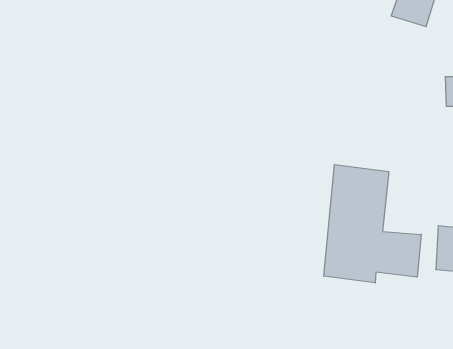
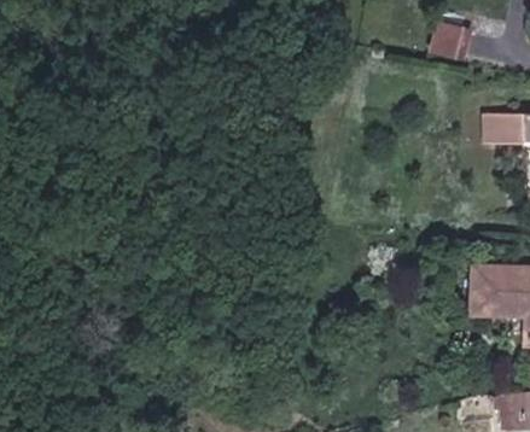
building: [324,164,421,283] -> none

